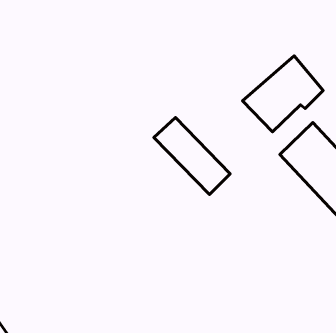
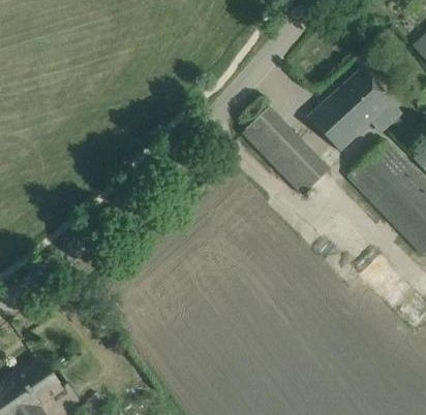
building: [154,118,230,195] -> [247,108,331,193]

